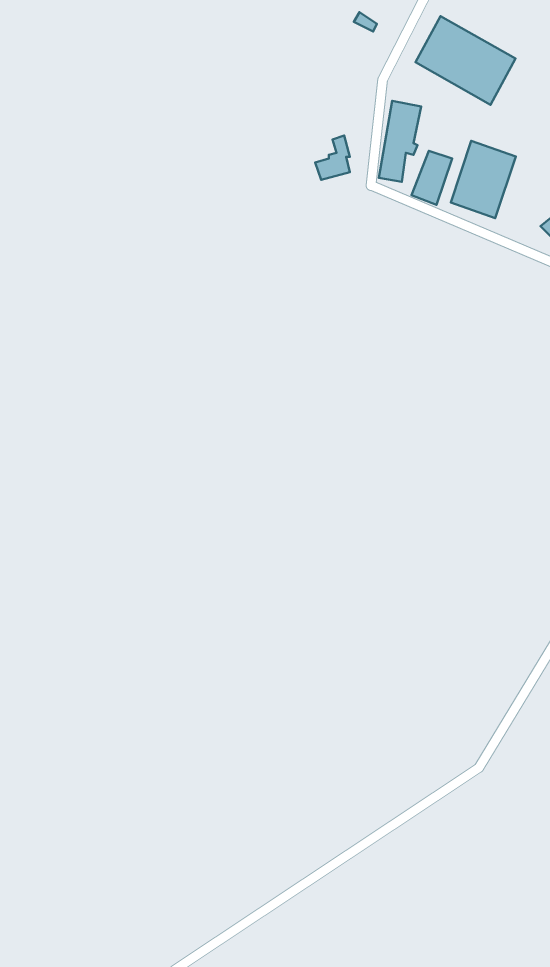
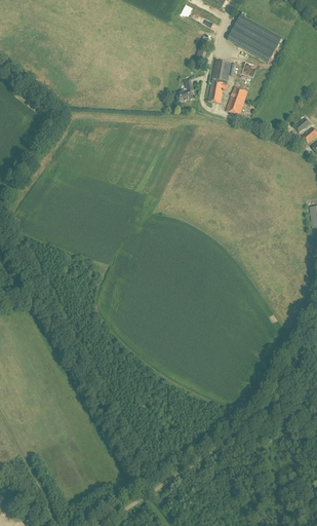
building: [451,141,516,218] -> none

